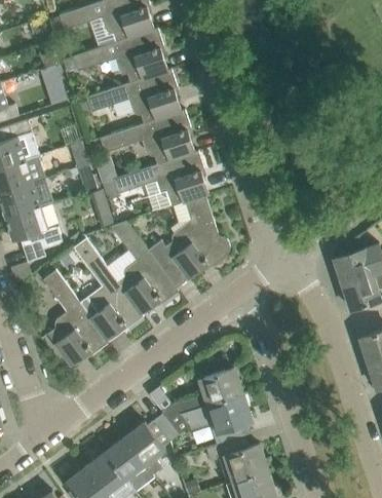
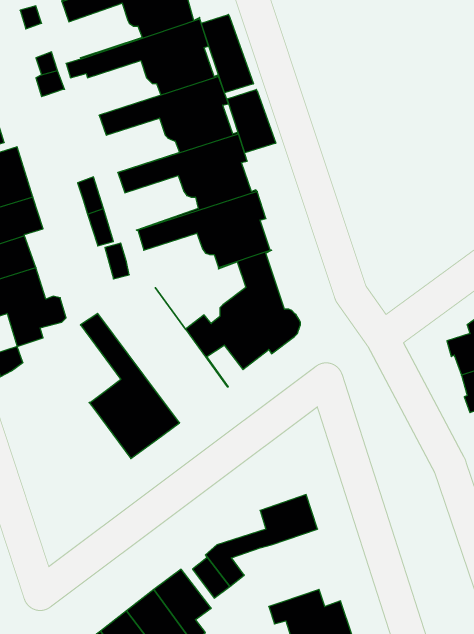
building: none -> [201,14,253,93]
building: none -> [227,89,276,153]
building: [111,221,178,317] -> none
building: [43,270,109,366] -> none
building: [181,393,252,446] -> none

